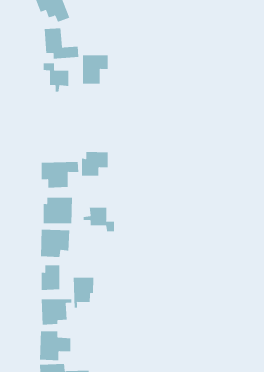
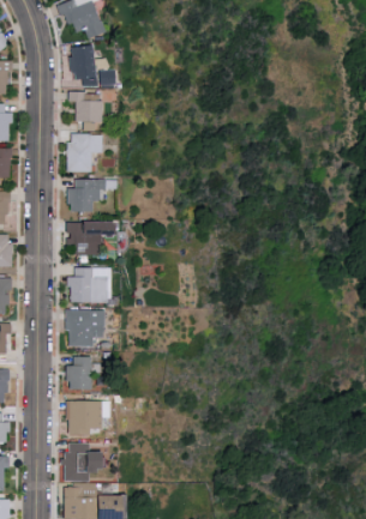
building: [82,55,109,84] -> [68,133,103,171]
building: [81,151,108,176] -> [68,179,104,211]
building: [83,207,115,232] -> none
building: [73,277,94,308] -> none

